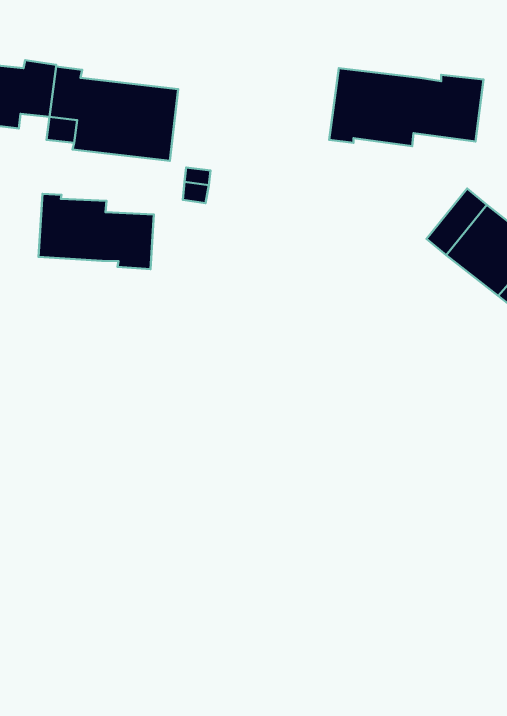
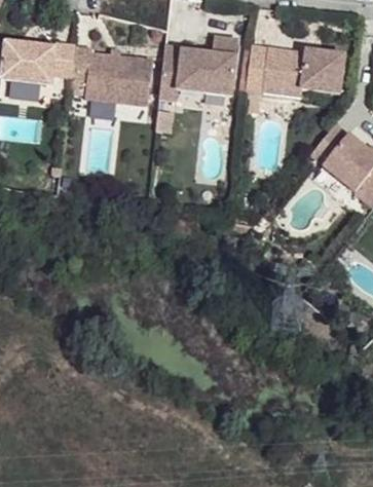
building: none -> [158,35,237,98]
building: [39,194,154,269] -> none

